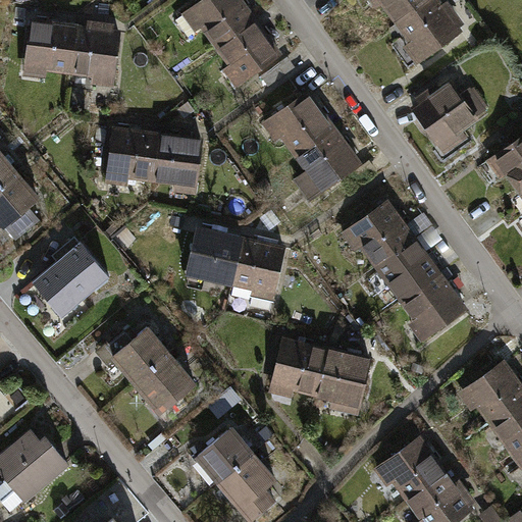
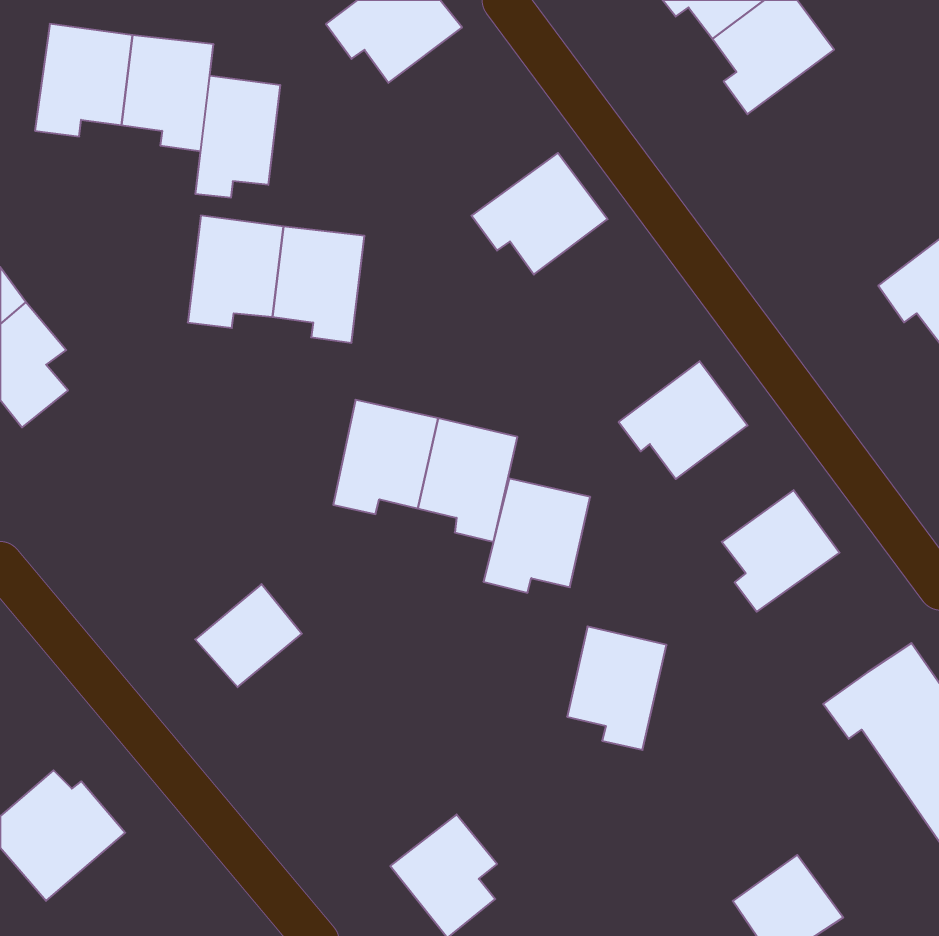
building: [216,18,283,90] -> none
building: none -> [195,76,280,198]
building: [410,64,489,154] -> none
building: [297,124,364,196] -> none
building: [375,239,440,303] -> none
building: [35,241,110,318] -> none
building: [267,340,326,403] -> [483,479,590,593]
building: [133,354,191,417] -> none
building: [194,425,254,482] -> none
building: [380,440,442,502] -> none

